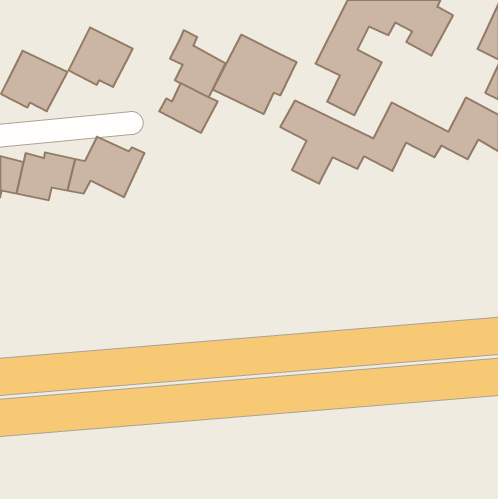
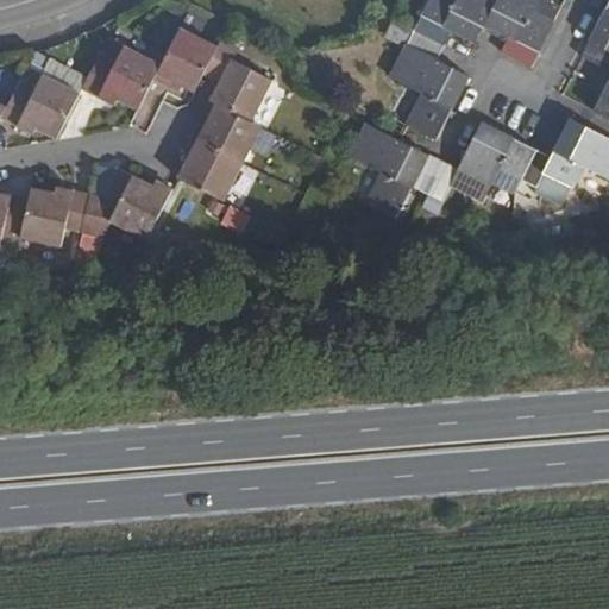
building: none -> [155,27,220,93]
building: [213,35,296,114] -> none
building: none -> [182,136,246,199]

